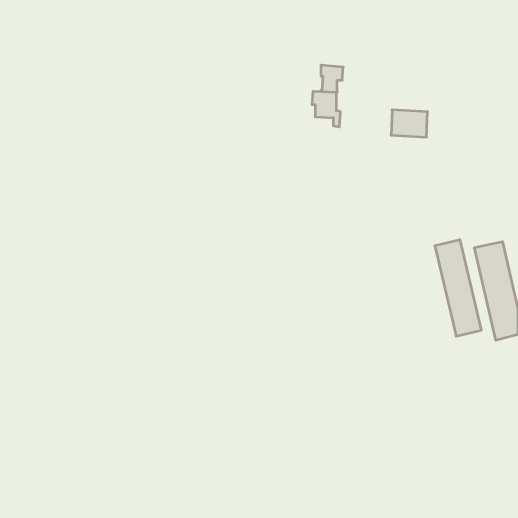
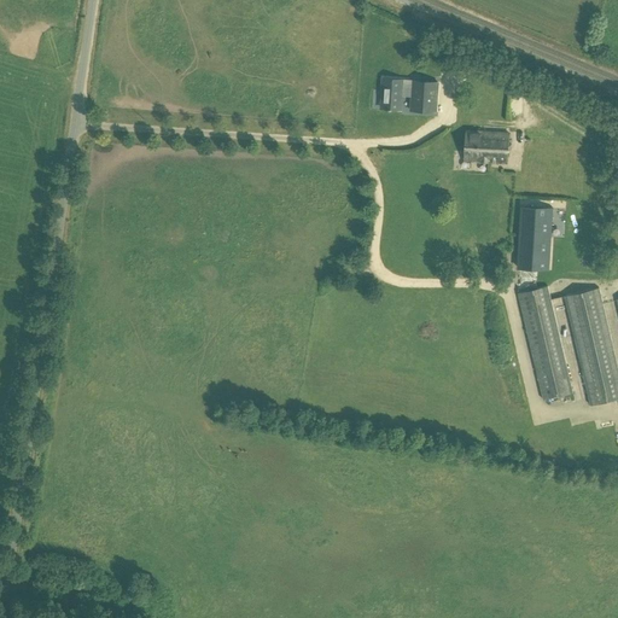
building: [312,91,340,127] -> [407,80,441,122]
building: none -> [515,205,552,269]

